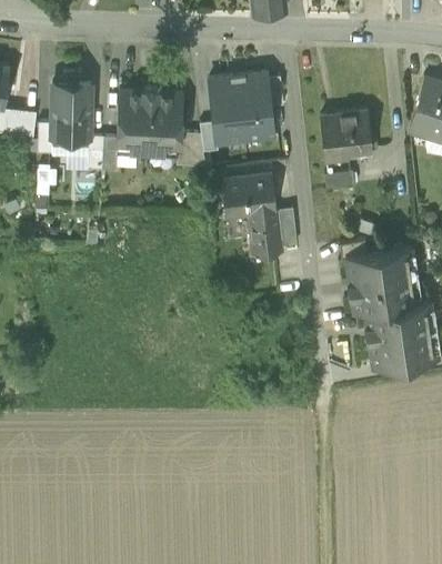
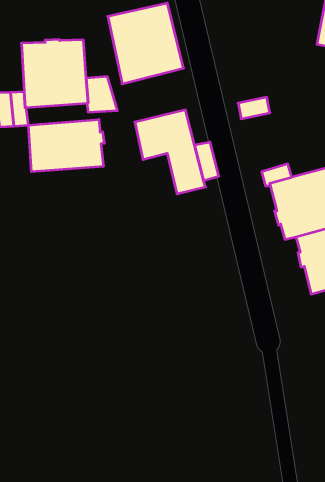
building: [321,113,372,162] -> none
building: none -> [28,119,104,172]

